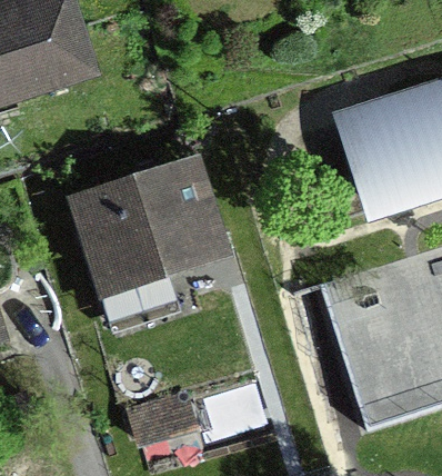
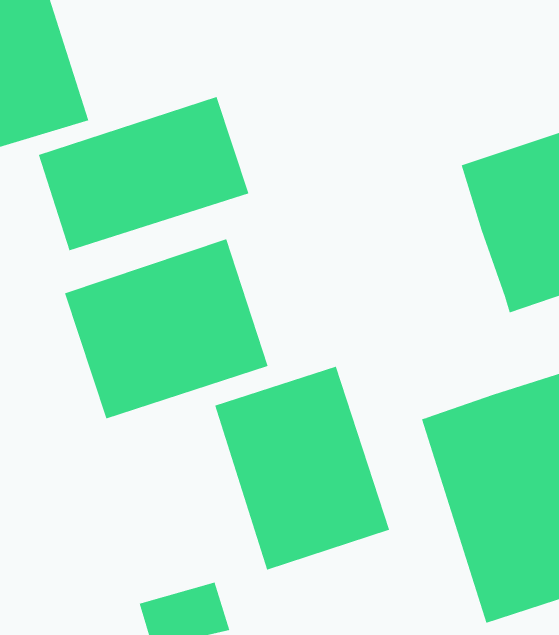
building: none -> [38,96,249,251]
building: none -> [214,366,390,571]

